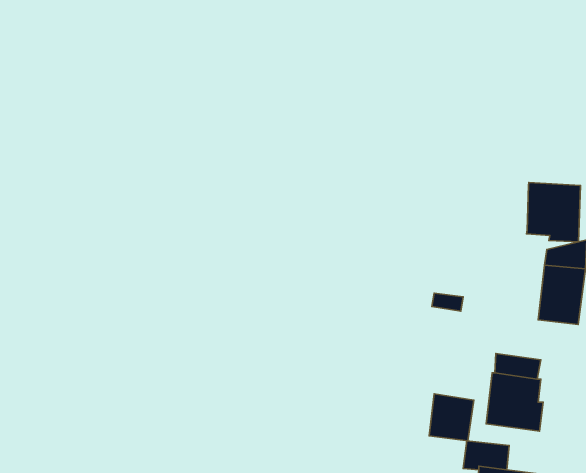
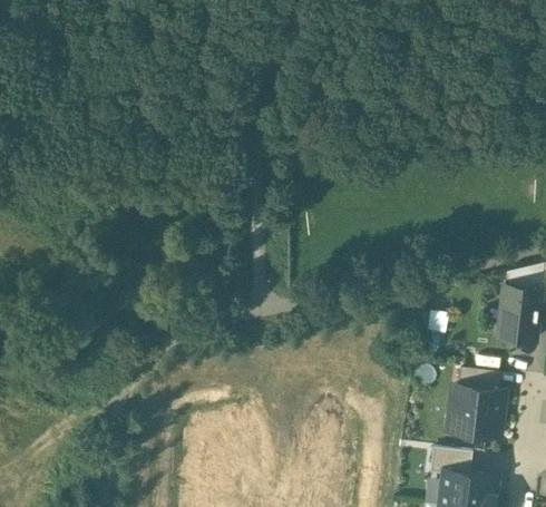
building: [526,183,581,242] -> none
building: [429,394,474,441] -> none

